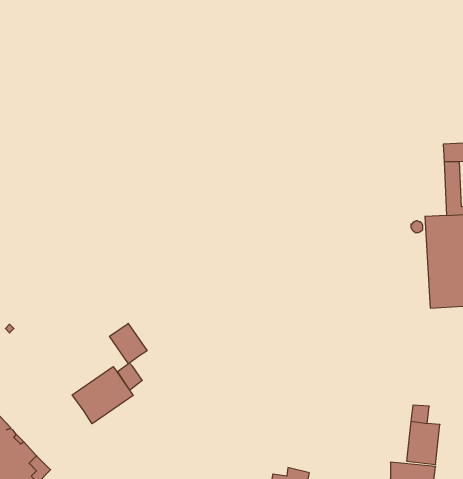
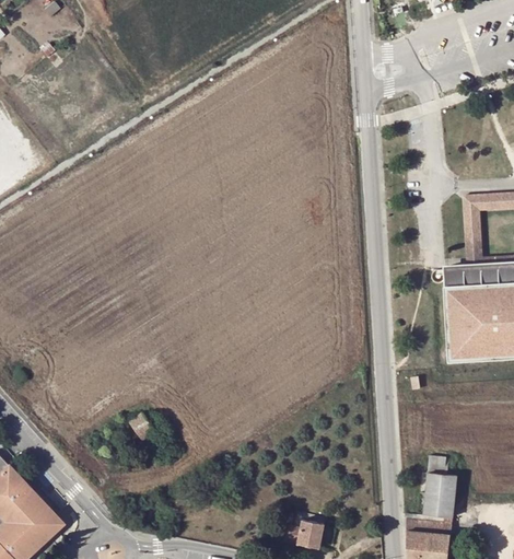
building: [110,323,147,364] -> none
building: [72,367,133,424] -> none

